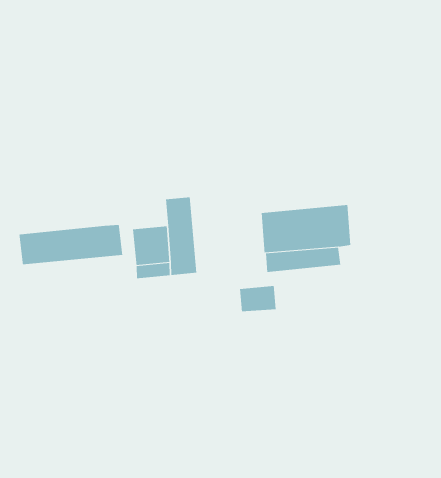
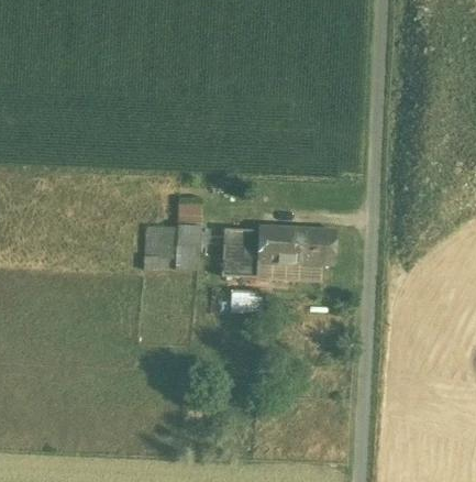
building: none -> [221,226,258,277]
building: [19,224,123,265] -> none

